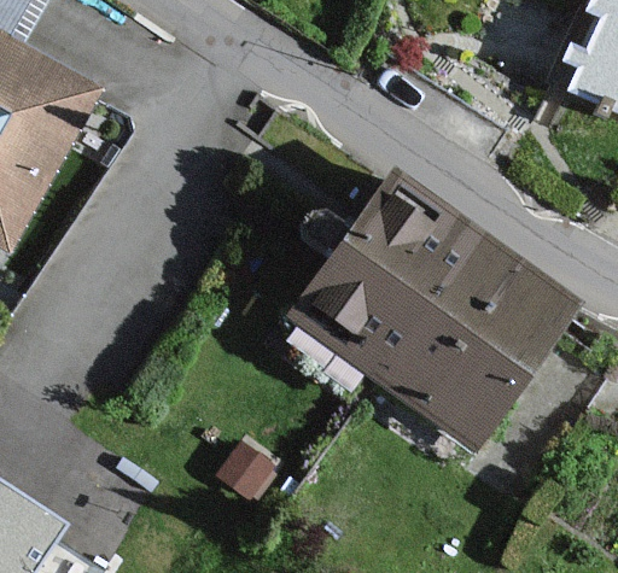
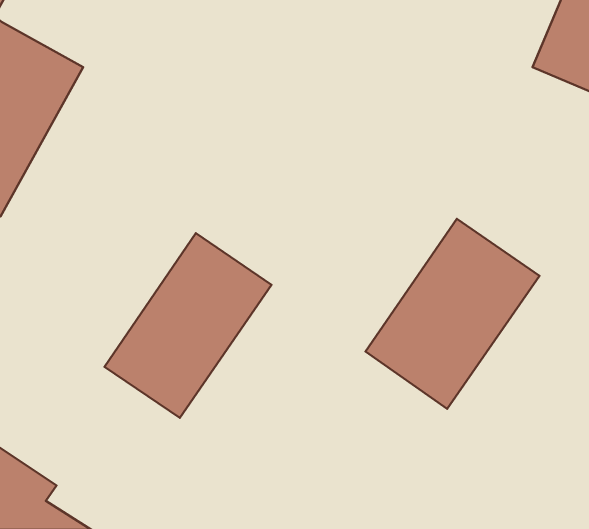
building: [288,183,479,386] -> none
building: none -> [104,233,272,418]

